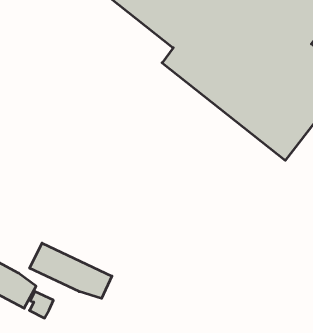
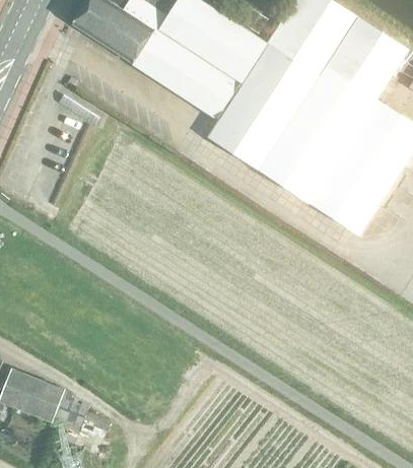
building: [30,243,112,298] -> none

